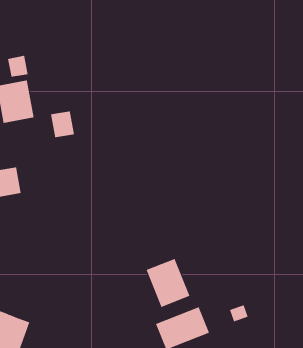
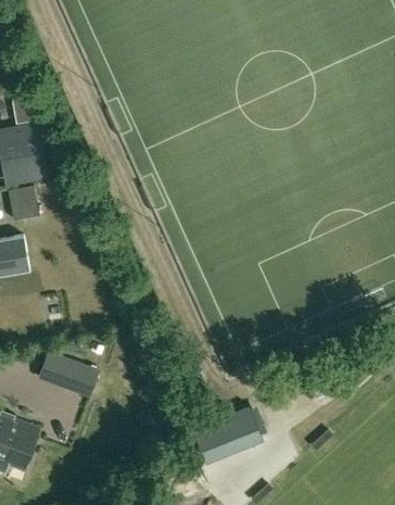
building: [50,111,75,138] -> [10,187,40,220]
building: [146,258,190,308] -> none
building: none -> [39,355,97,395]

